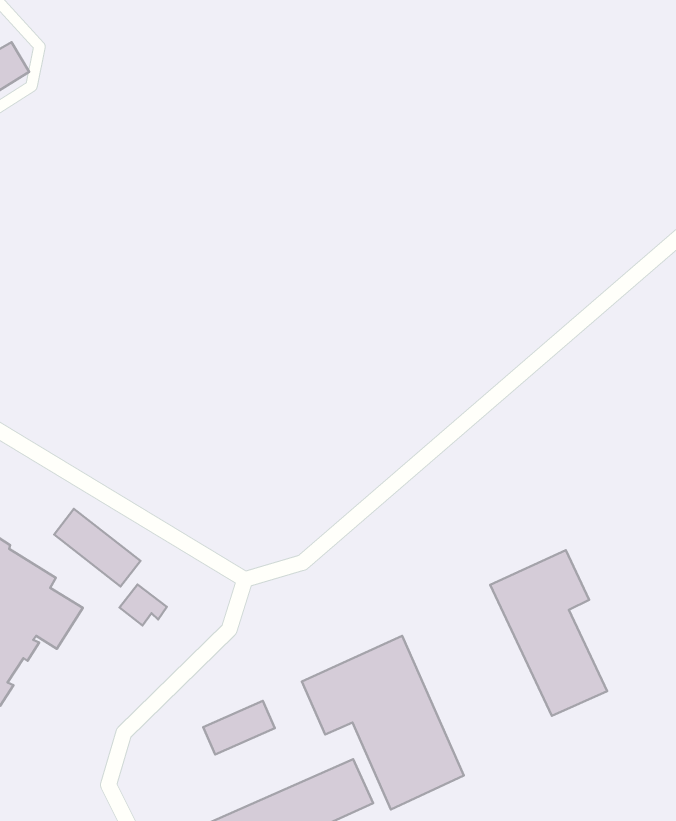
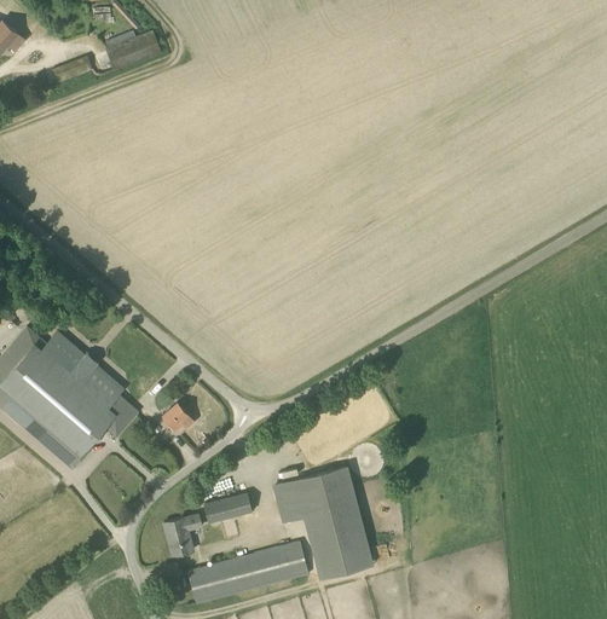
building: [54,509,140,587] -> none
building: [490,550,607,716] -> none
building: none -> [163,514,201,556]

